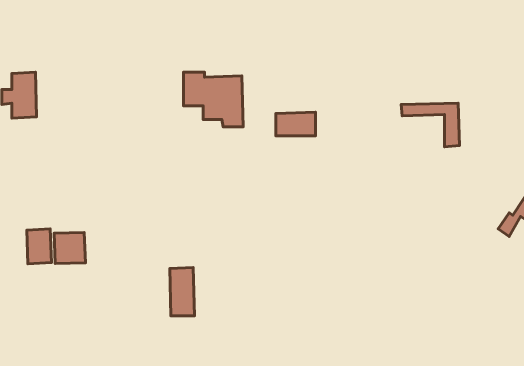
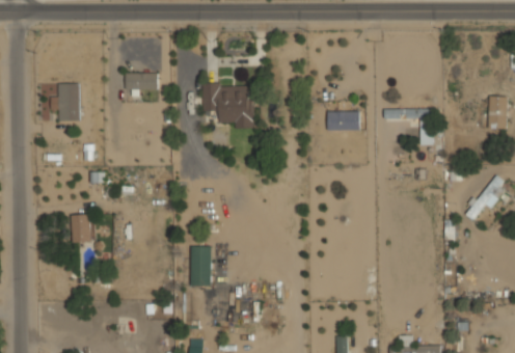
building: none -> [126,72,158,88]
building: [276,112,316,136] -> [327,110,360,130]
building: [54,232,85,264] -> none

